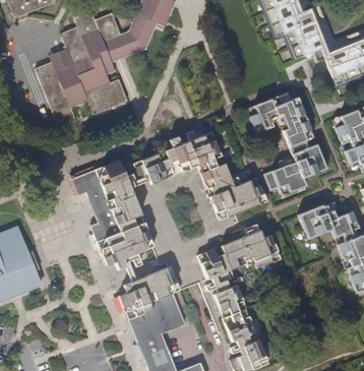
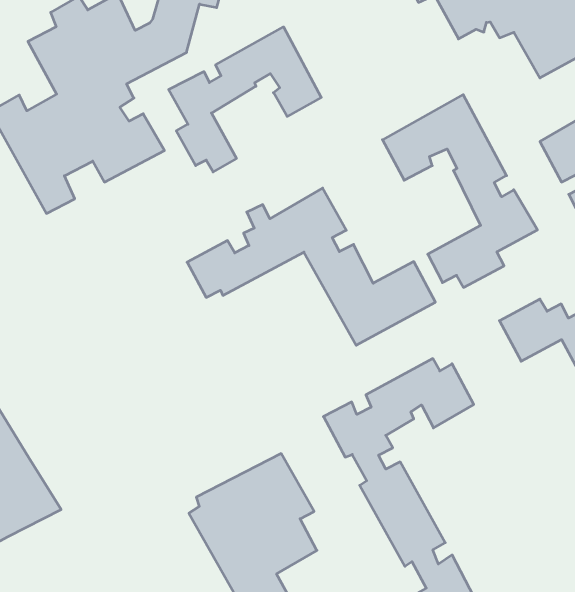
building: none -> [169,27,321,172]
building: [71,159,154,268] -> none

